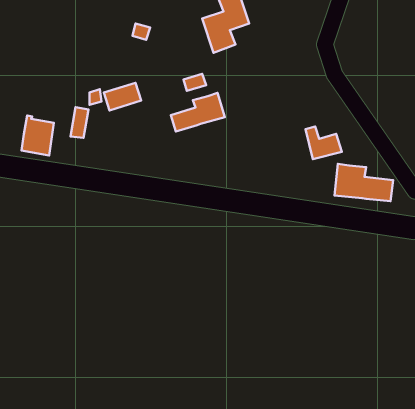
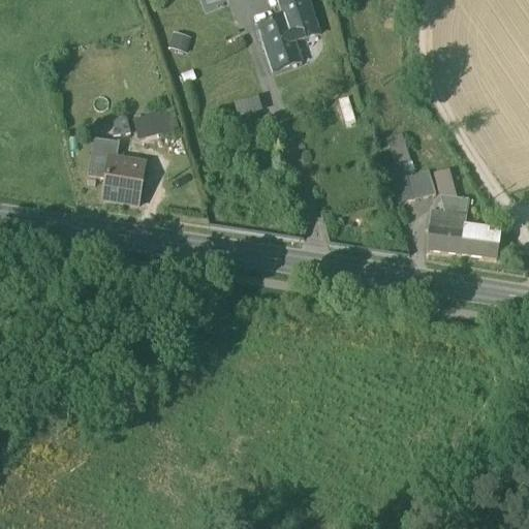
building: [171,93,225,131] -> none
building: [21,116,54,155] -> [103,152,145,203]
building: none -> [434,169,468,213]

